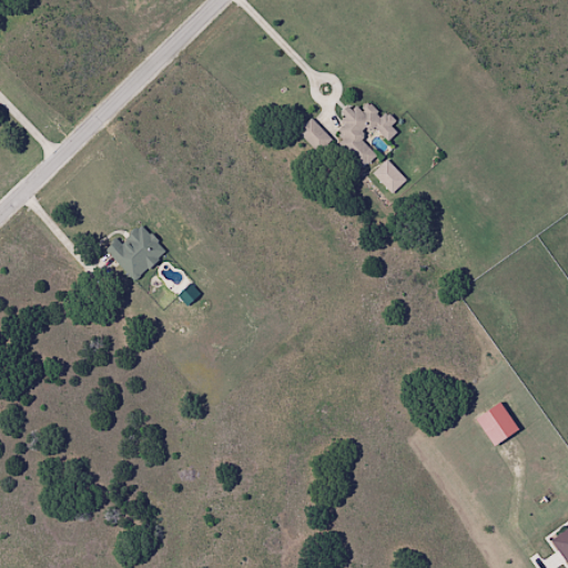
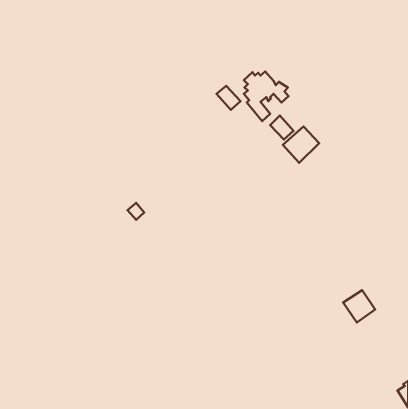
building: none -> [283,126,319,163]
building: [104,226,164,280] -> none

